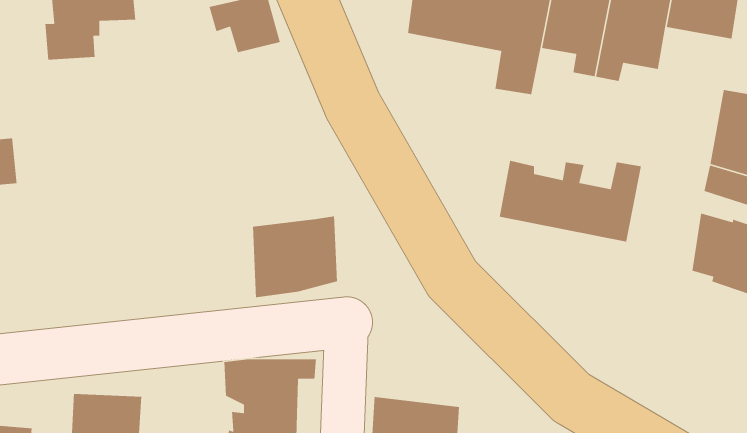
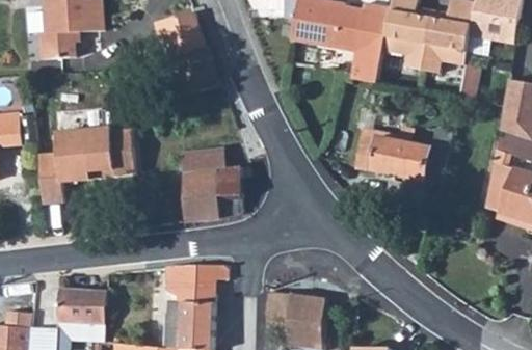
building: none -> [164,45,219,97]
building: none -> [38,109,135,203]
building: none -> [180,146,227,172]

